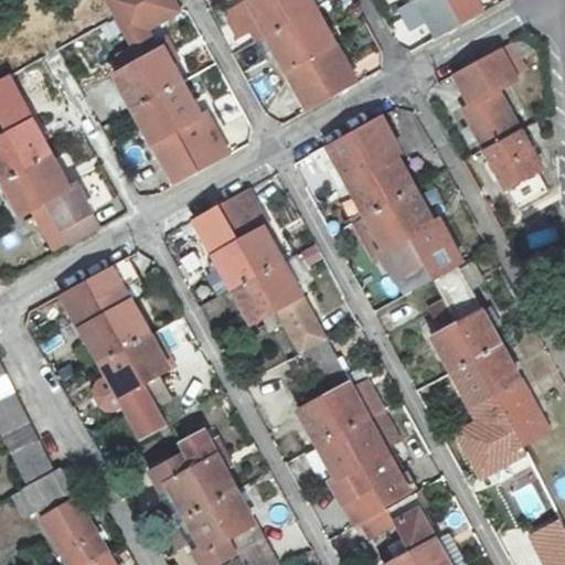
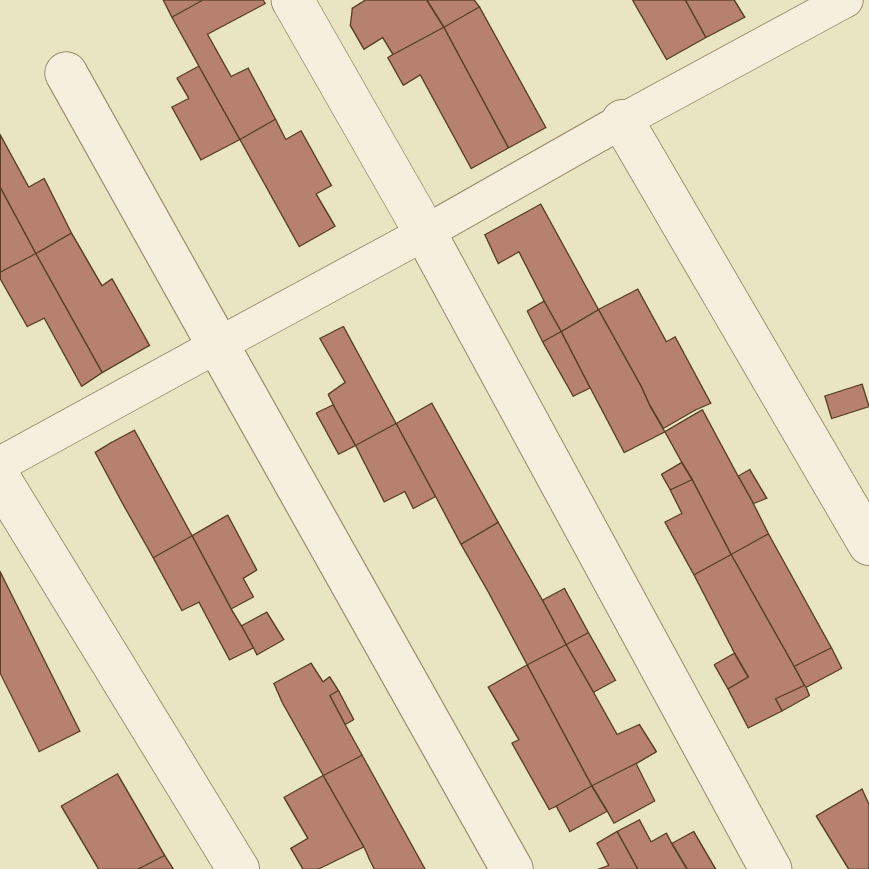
building: [454,35,545,207] -> none
building: [130,90,199,184] -> none
building: [351,116,414,201] -> none
building: [220,190,280,275] -> none
building: [87,258,148,348] -> none
building: [298,384,342,446] -> none
building: [148,456,210,518] -> none
building: [10,470,71,521] -> none

